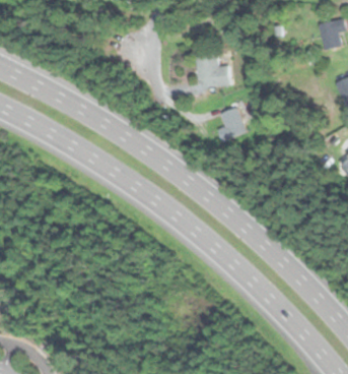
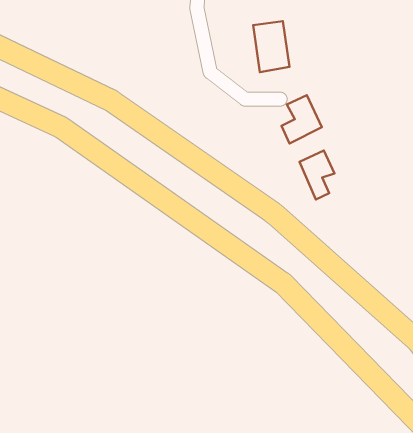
building: none -> [299,150,334,199]

